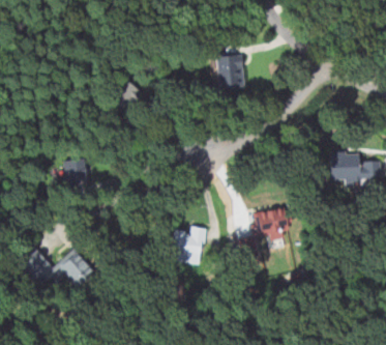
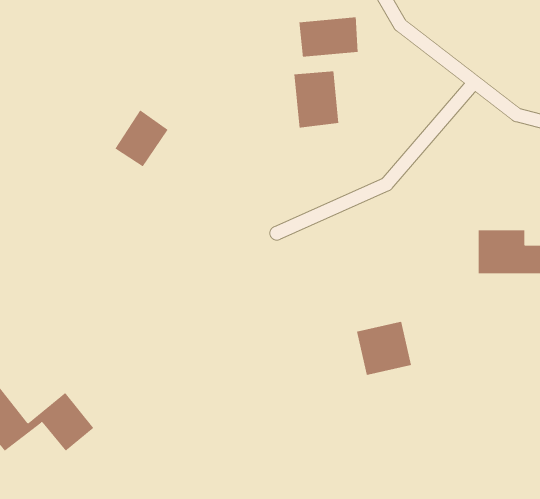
building: none -> [299,16,358,58]
building: [67,159,90,184] -> none
building: [168,227,207,265] -> none

